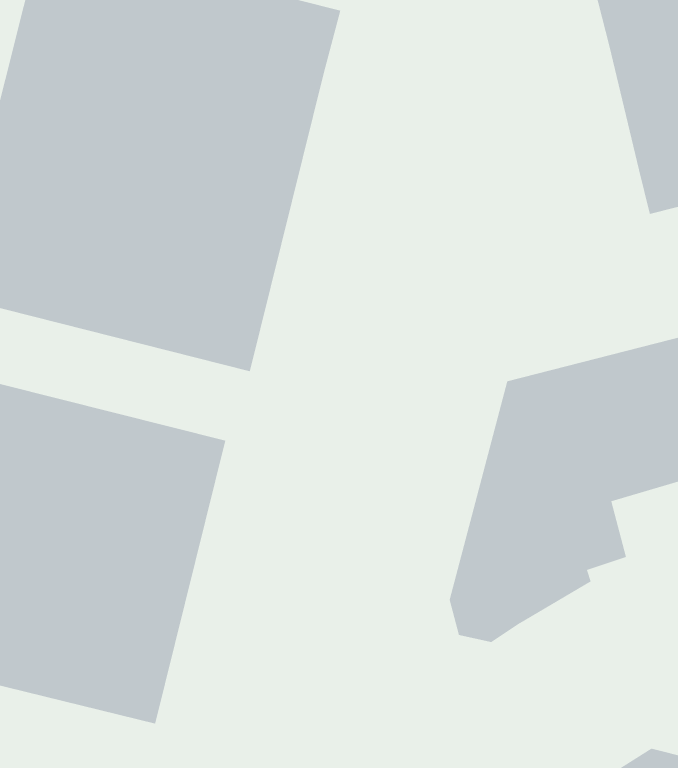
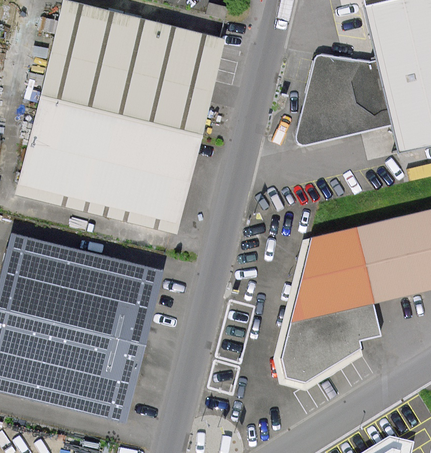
building: none -> [289,51,385,145]

